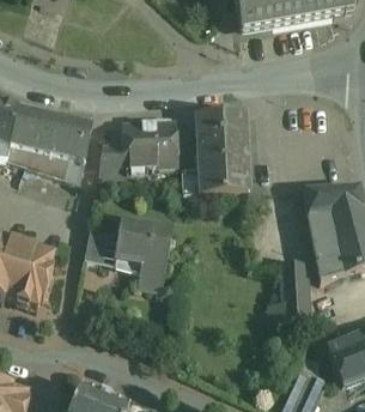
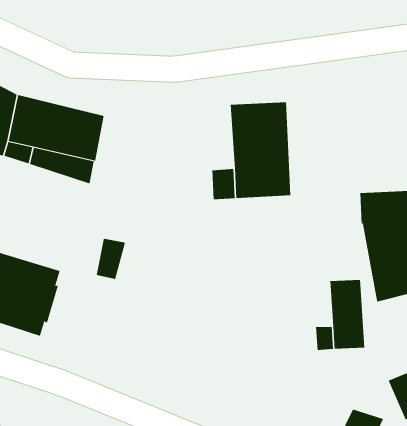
building: [97,117,178,175] -> none
building: [116,216,172,286] -> none

